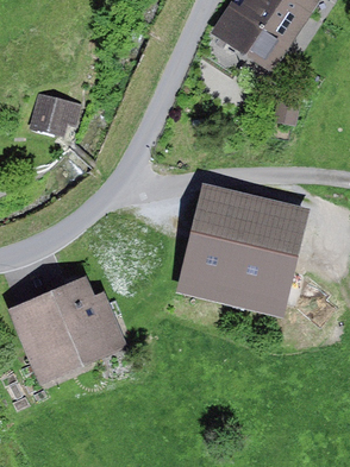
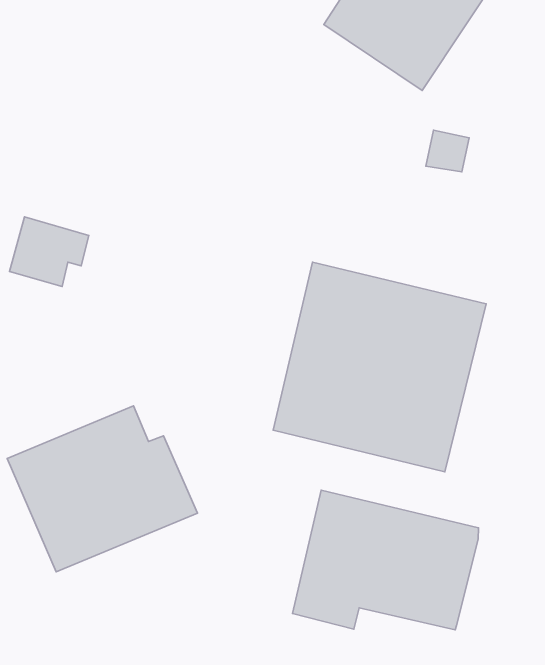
building: [29,94,79,138] -> [9,217,89,287]
building: none -> [293,490,479,630]

